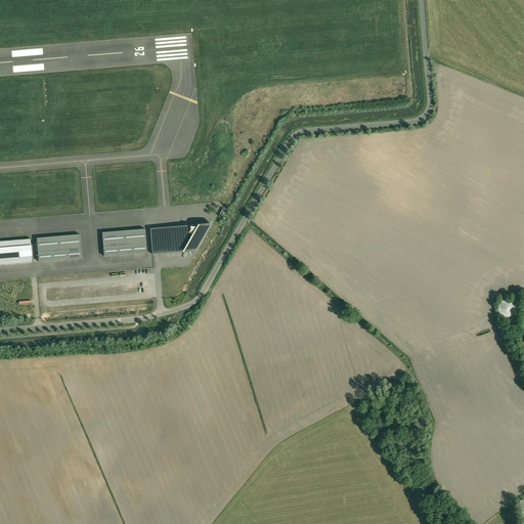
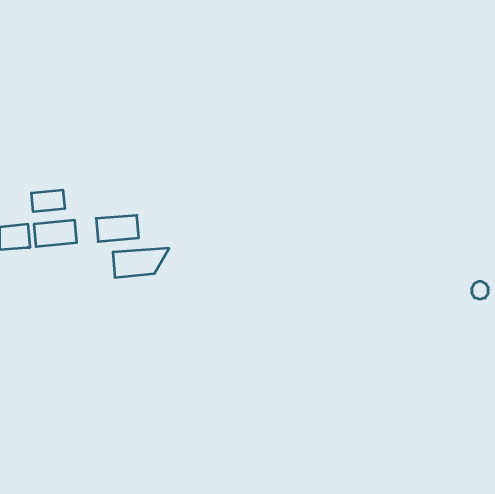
building: none -> [31,190,65,212]
building: [149,222,209,253] -> [113,248,169,277]

